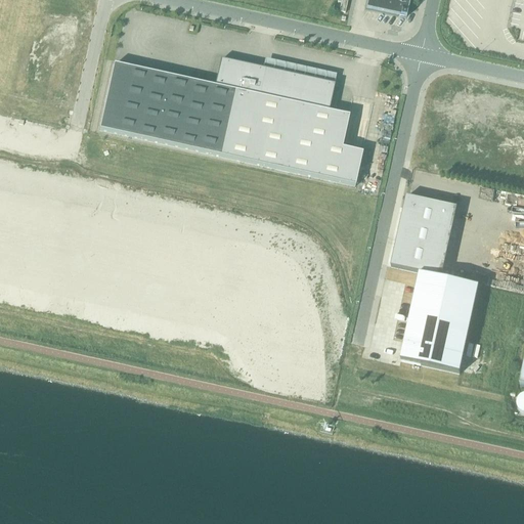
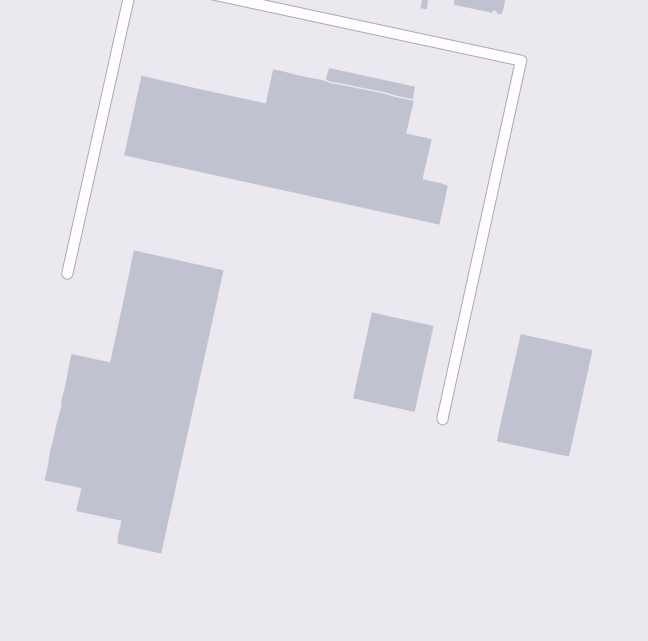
building: [391,192,457,274] -> [352,312,435,413]
building: none -> [43,250,225,554]

